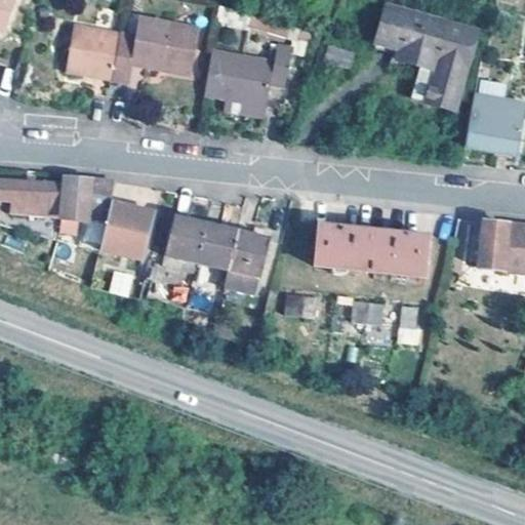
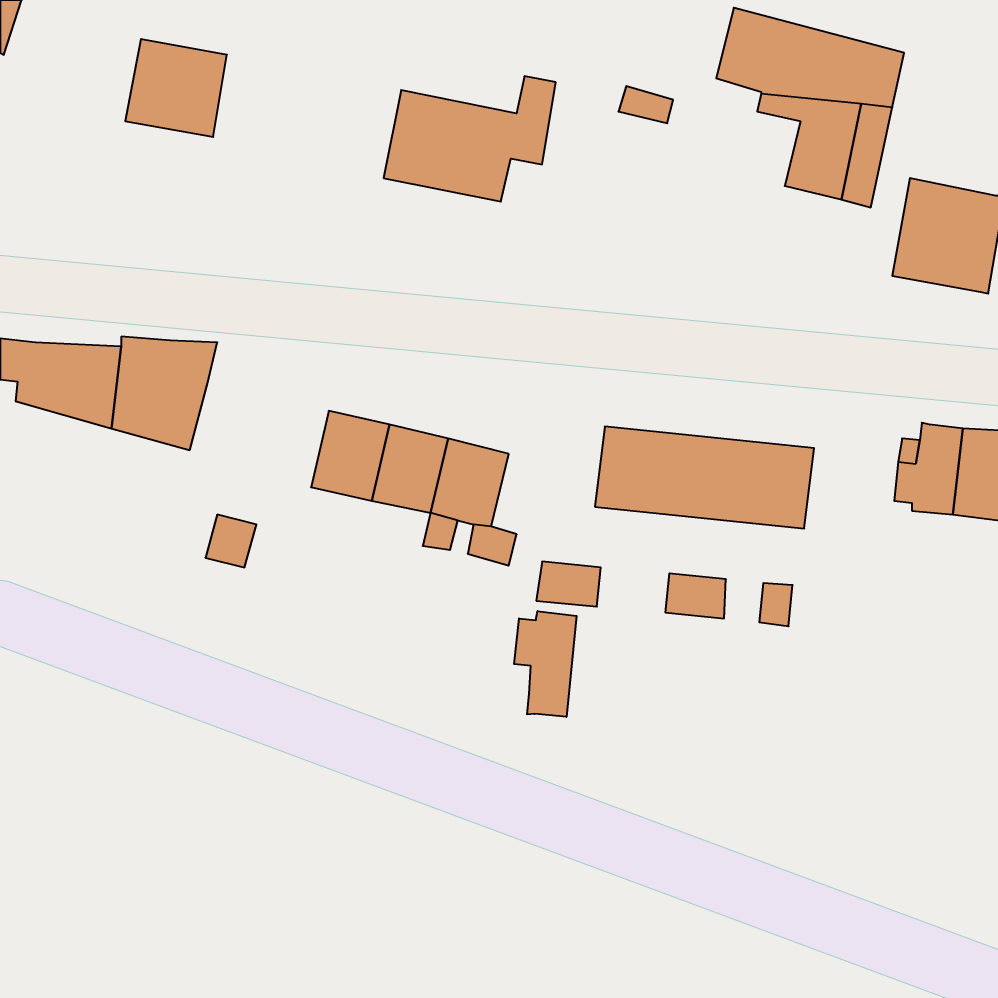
building: [113,13,199,76] -> none
building: [97,202,153,260] -> none
building: none -> [514,611,577,717]

